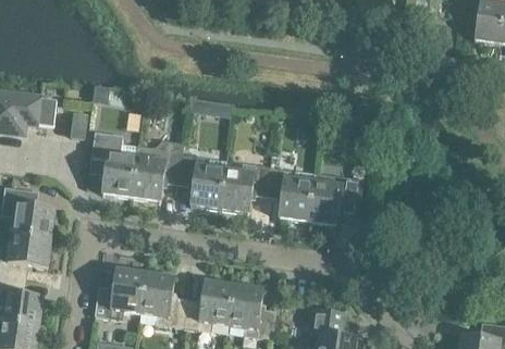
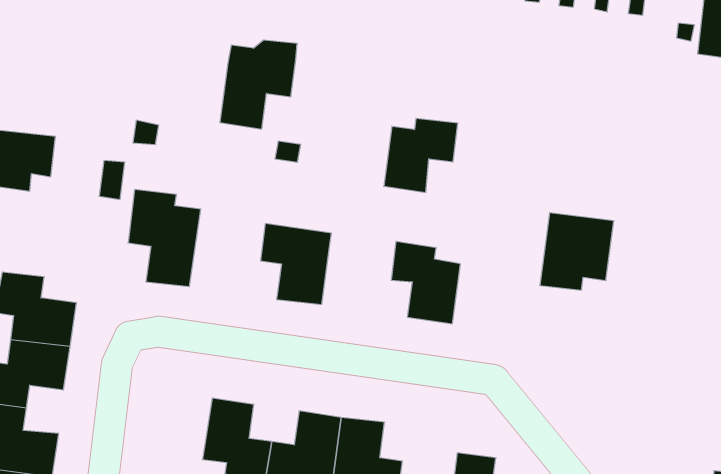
building: [131,141,183,201] -> [220,40,297,129]
building: [220,163,270,213] -> [384,118,458,193]
building: [308,173,358,225] -> [540,213,614,290]
building: [94,269,146,319] -> none

